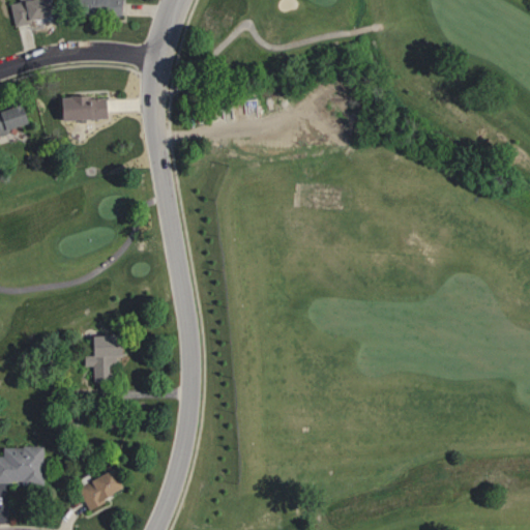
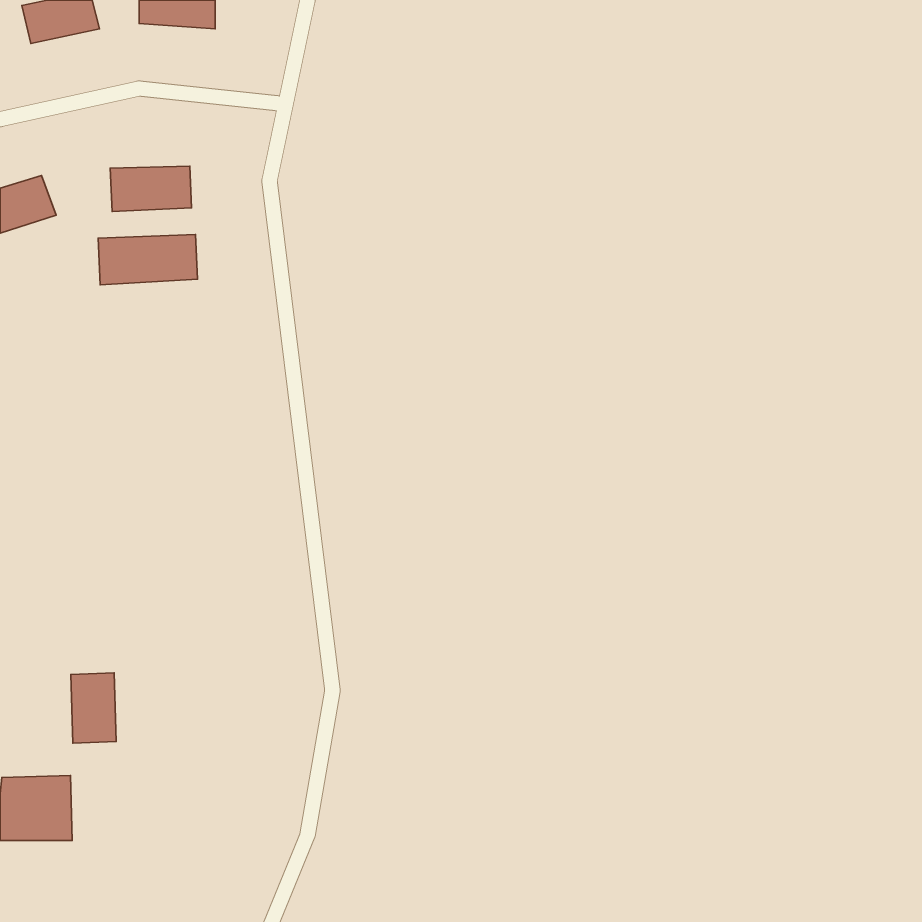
building: none -> [98,234,197,285]
building: [88,336,114,377] -> [71,673,116,743]
building: [75,467,118,511] -> none

